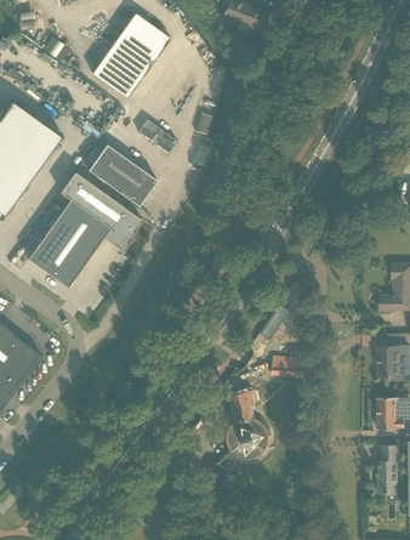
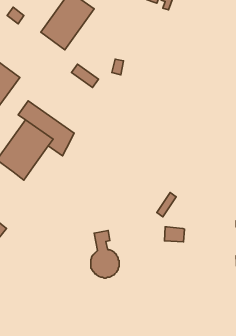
building: [86,144,155,206] -> none
building: [226,391,267,460] -> [91,231,119,278]

